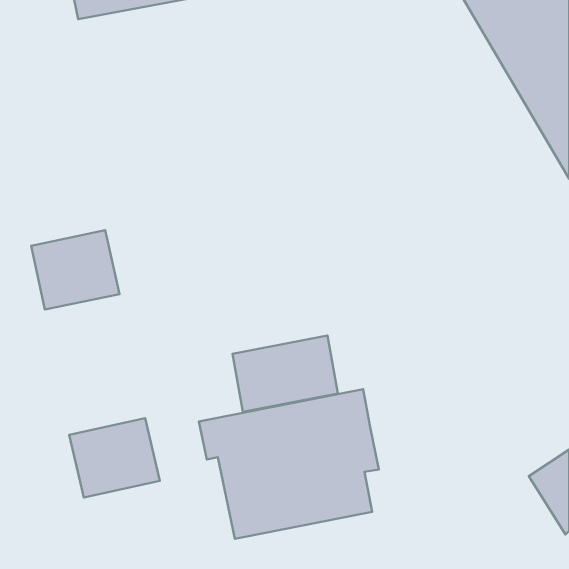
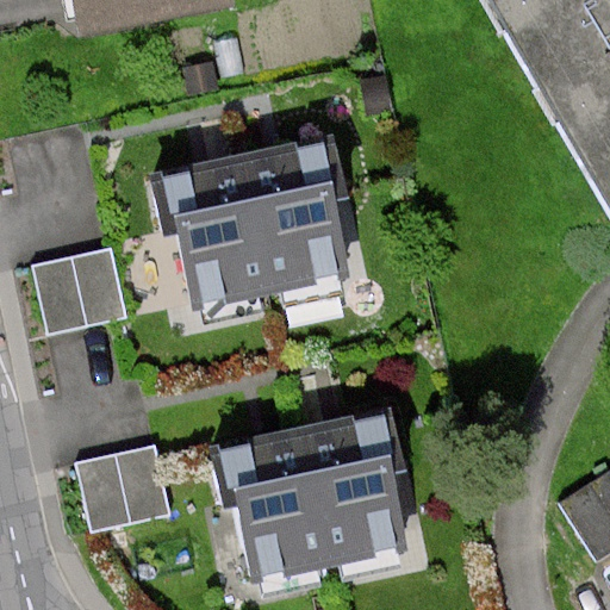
building: none -> [158,144,349,303]
building: [232,335,338,412] -> none

